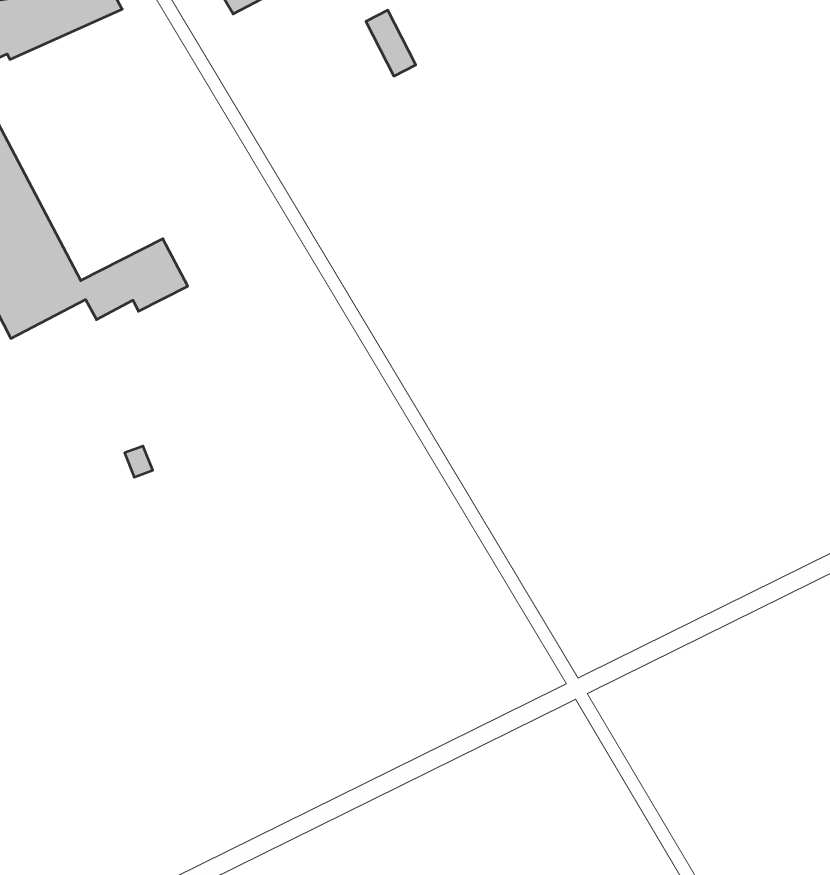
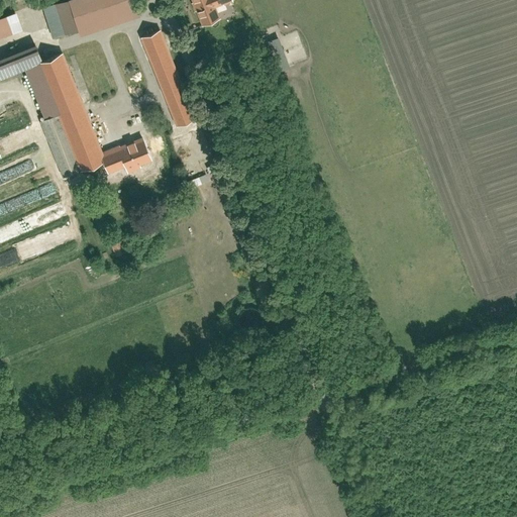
building: none -> [140,31,194,125]

